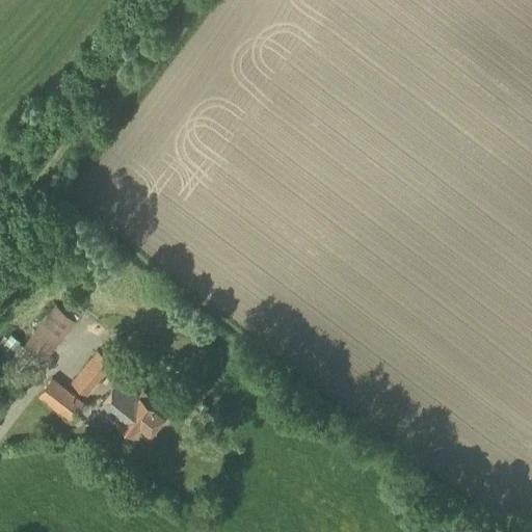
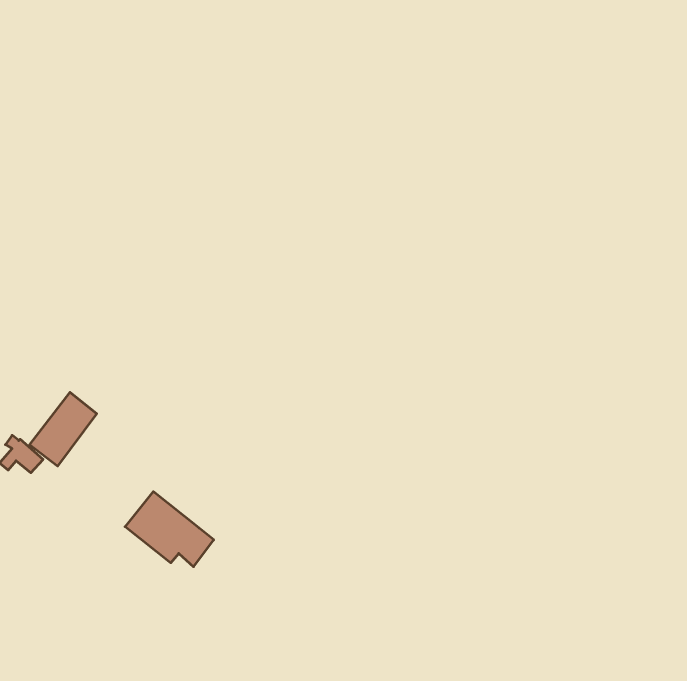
building: [70,353,114,399] -> none
building: [37,380,85,426] -> none

